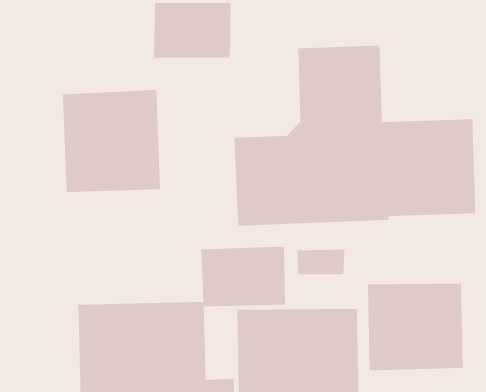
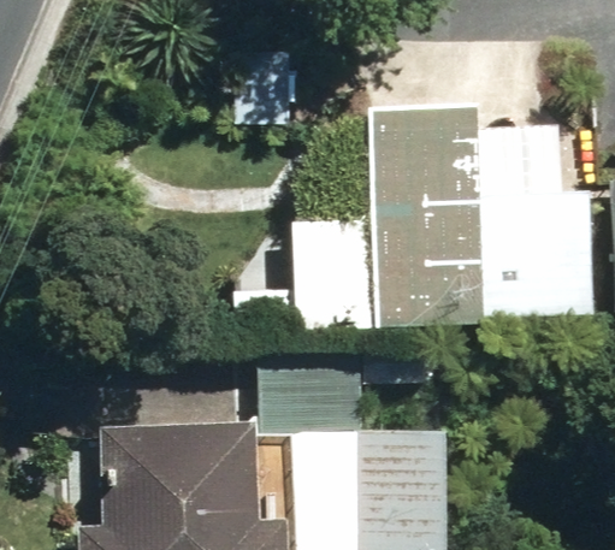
building: [62,89,161,193] -> none
building: [367,283,463,371] -> none

